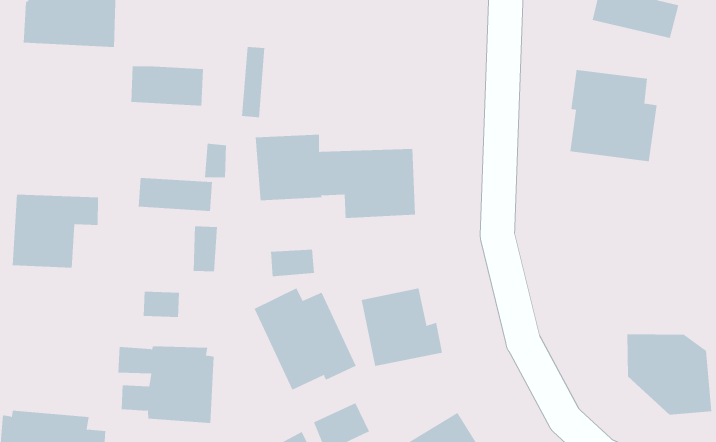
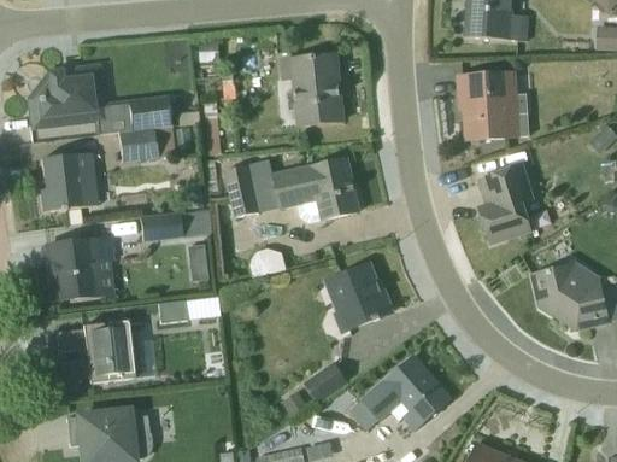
building: none -> [281,53,341,125]
building: none -> [127,94,174,129]
building: none -> [37,152,96,212]
building: none -> [478,164,534,242]
building: [254,288,356,391] -> none
building: [118,346,215,423] -> [57,320,137,382]

